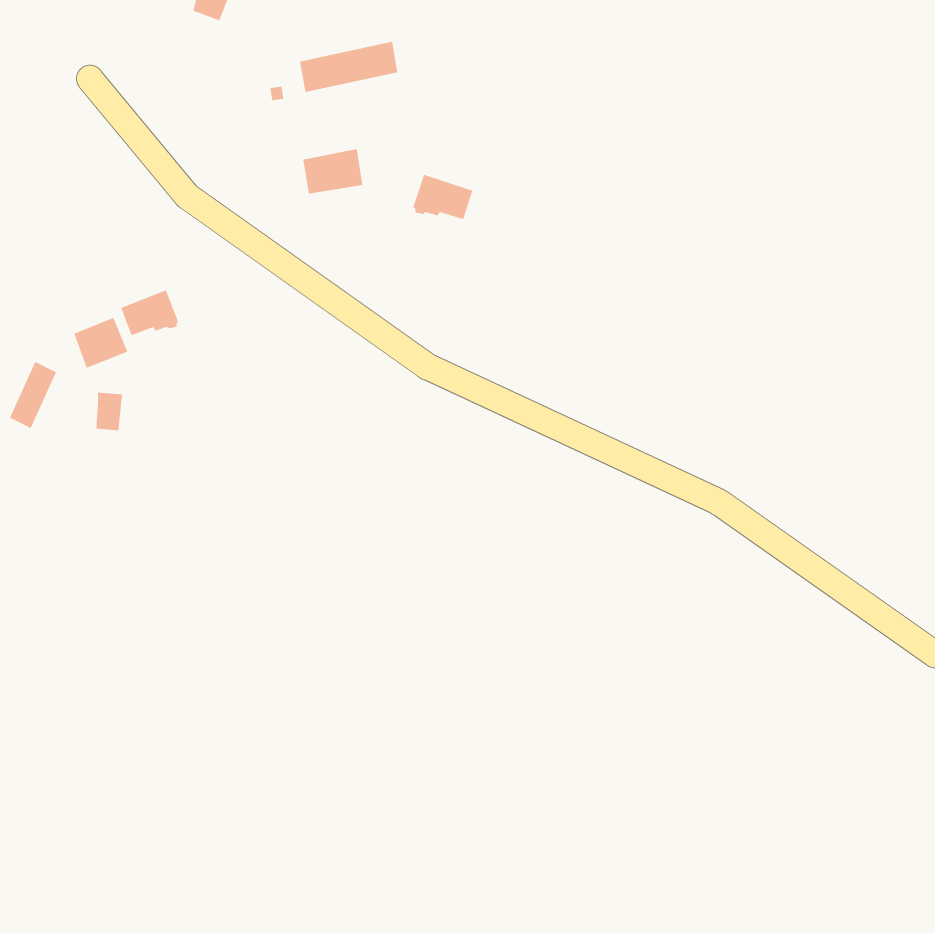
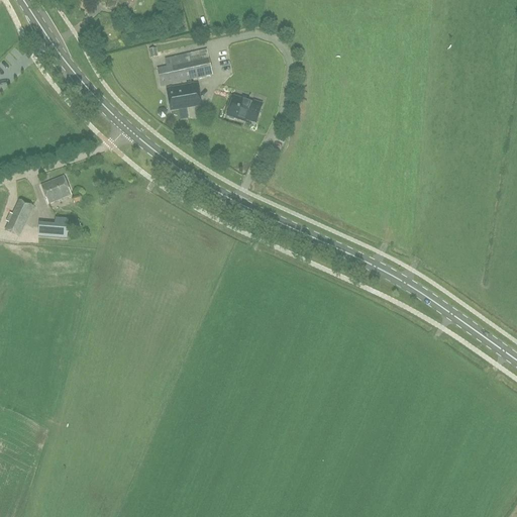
building: [299,41,398,93] -> [157,57,211,85]
building: [121,290,179,336] -> none

